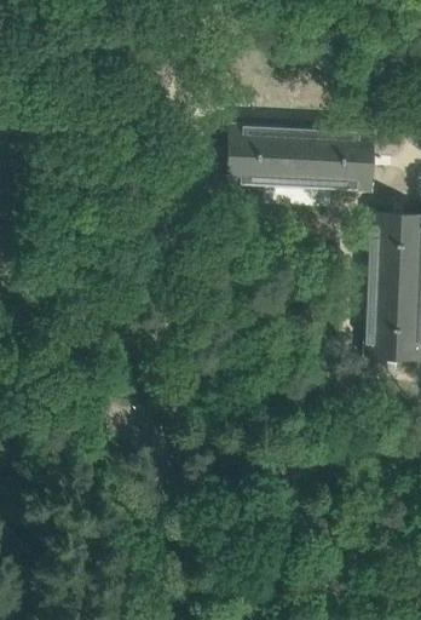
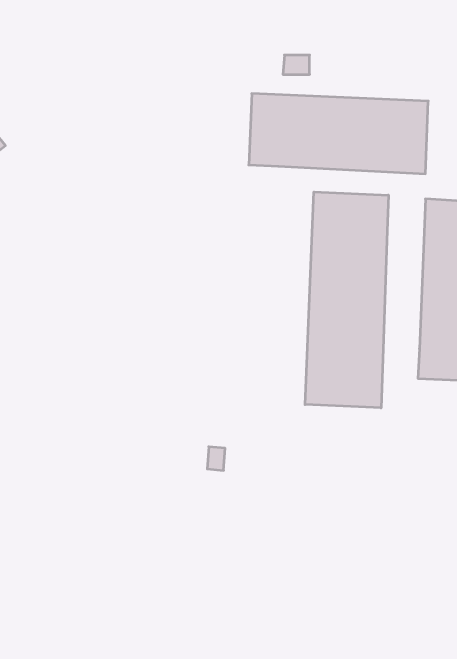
building: none -> [305,192,388,408]

